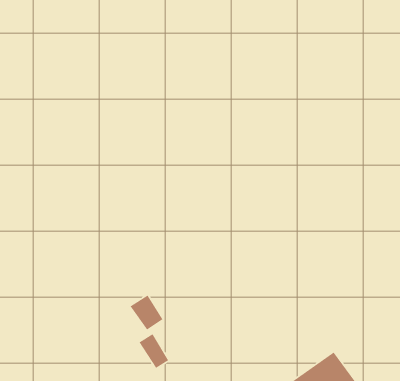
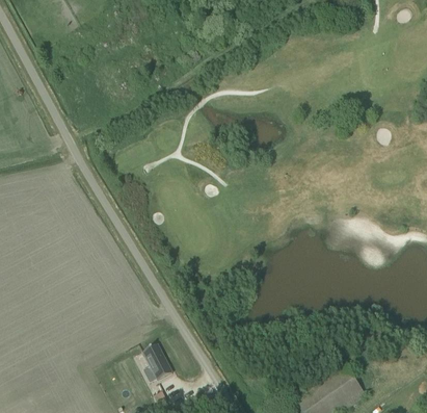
building: [130,294,164,331] -> none

